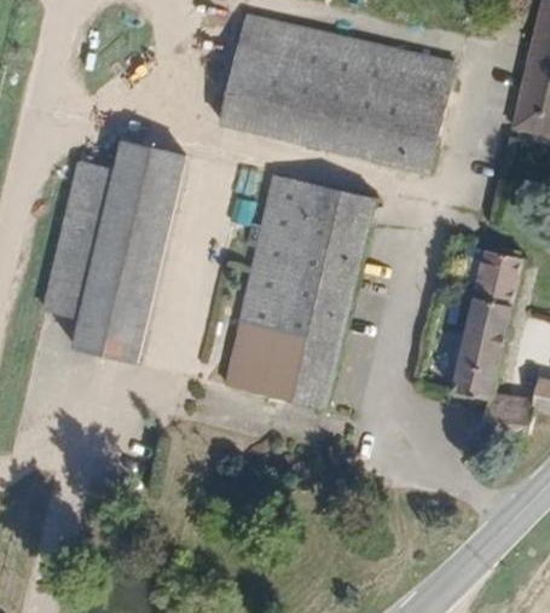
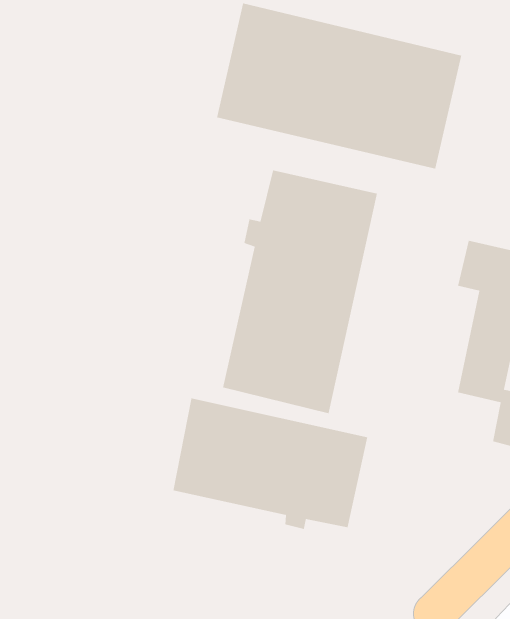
building: [41,143,184,364] -> none
building: none -> [172,398,368,530]

